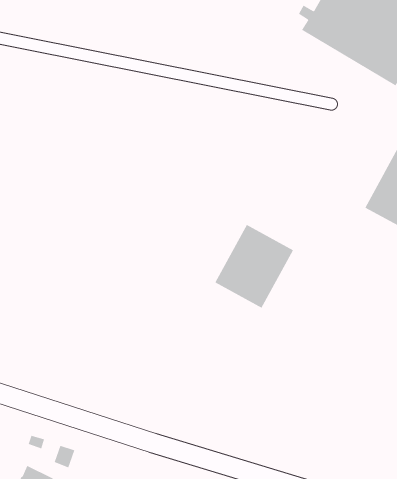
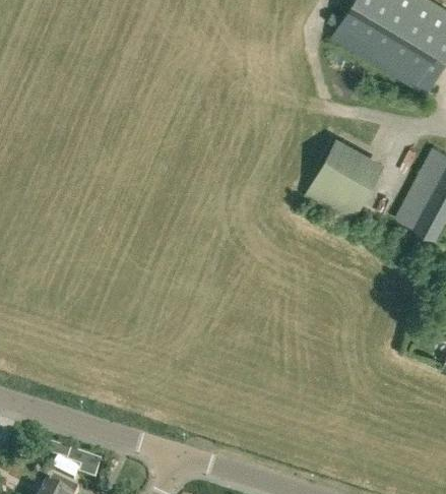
building: [214,224,294,309] -> [304,135,384,221]

